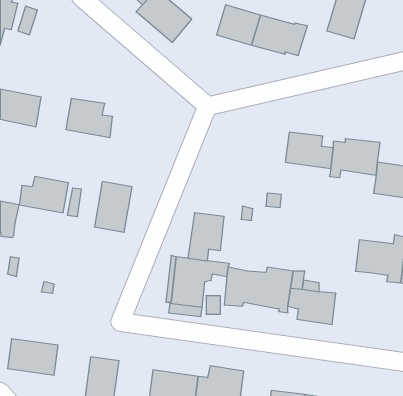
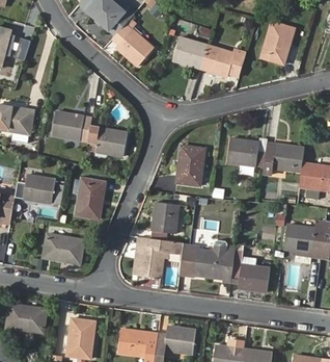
building: none -> [88,126,127,157]
building: none -> [176,146,204,185]
building: none -> [44,234,84,263]

